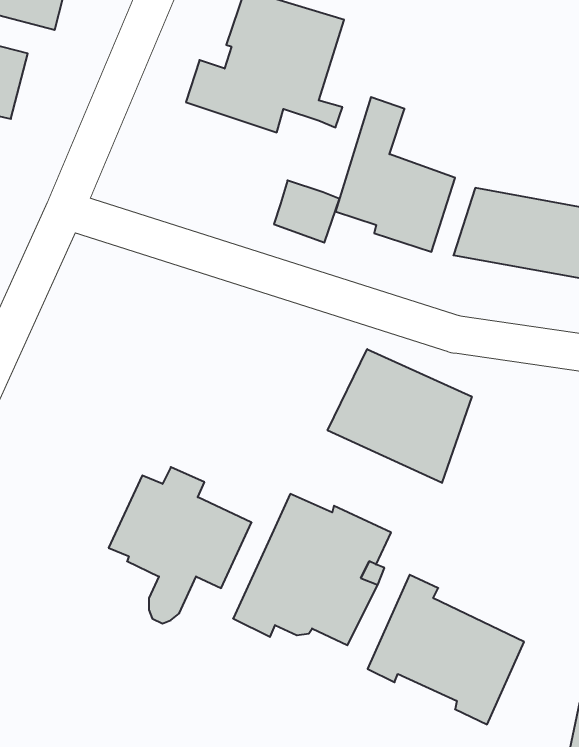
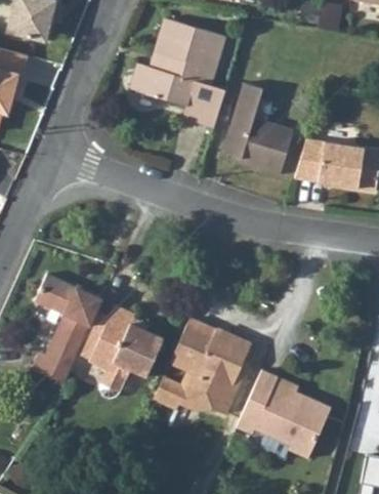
building: [274,180,340,243] -> [179,88,219,126]
building: [328,349,472,483] -> none
building: none -> [36,274,107,383]

